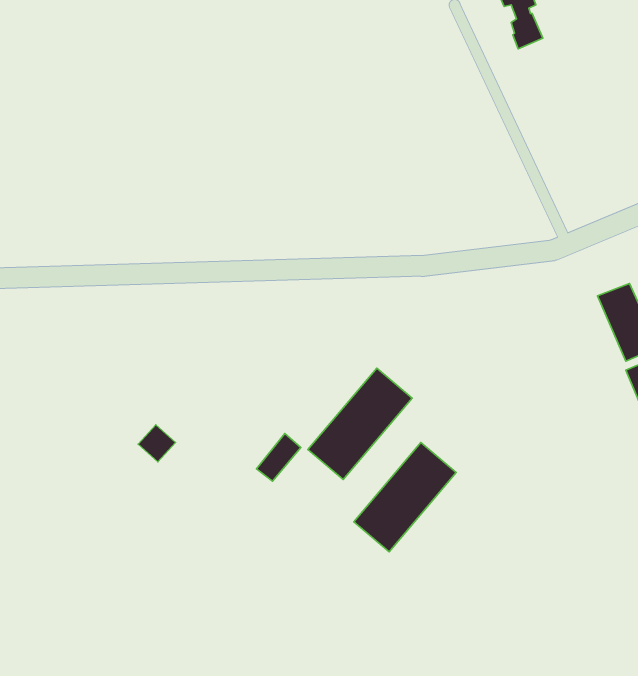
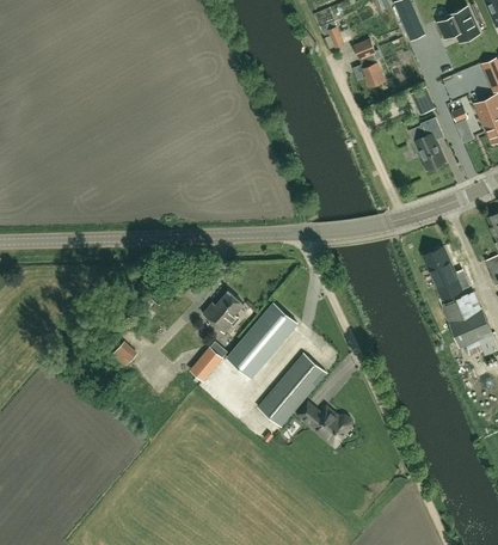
building: none -> [416,117,444,169]
building: none -> [203,290,244,332]
building: none -> [299,403,350,441]

